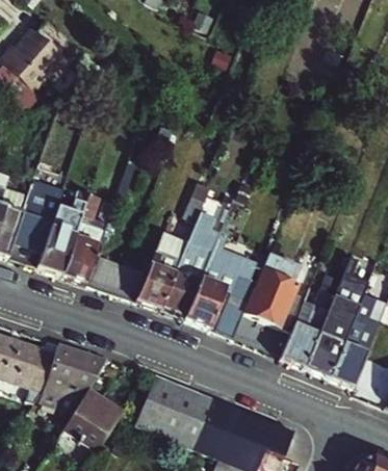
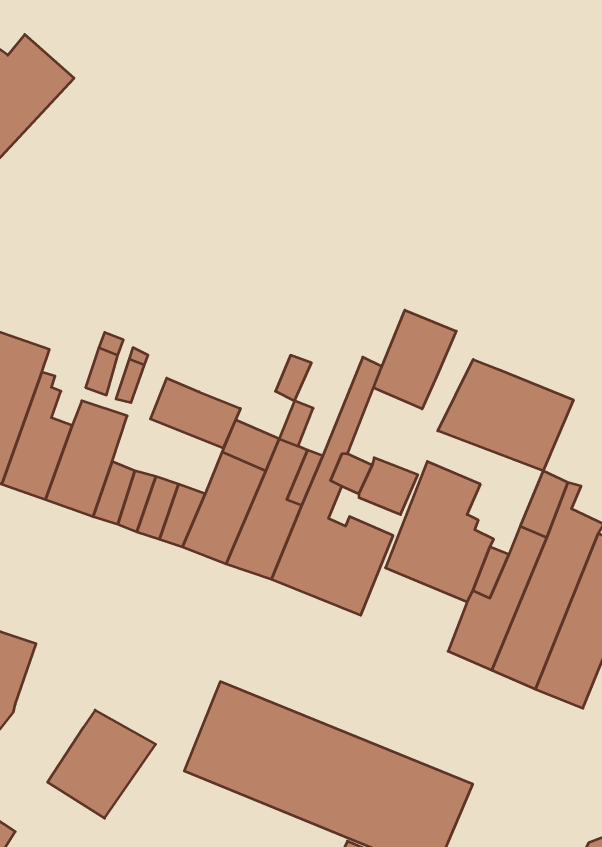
building: none -> [374,310,456,409]
building: none -> [438,359,573,471]
building: none -> [150,378,240,448]
building: [44,346,109,400] -> none

